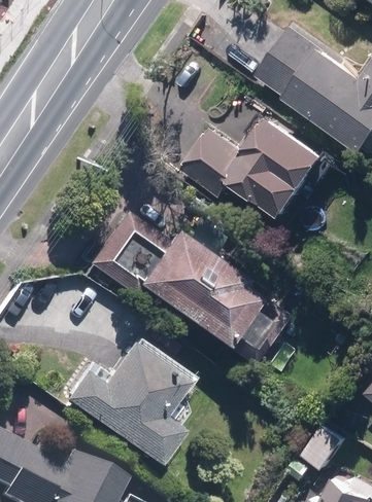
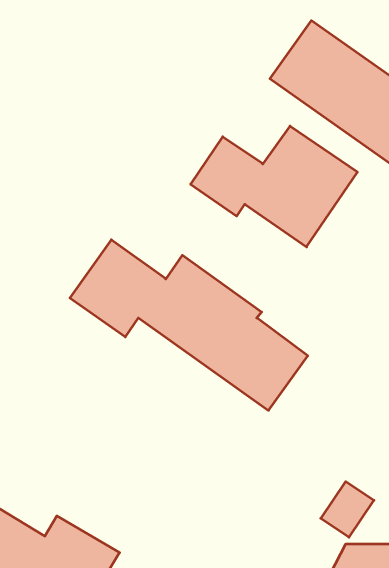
building: [60,333,194,461] -> none

